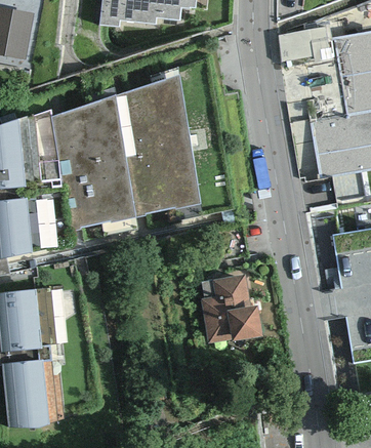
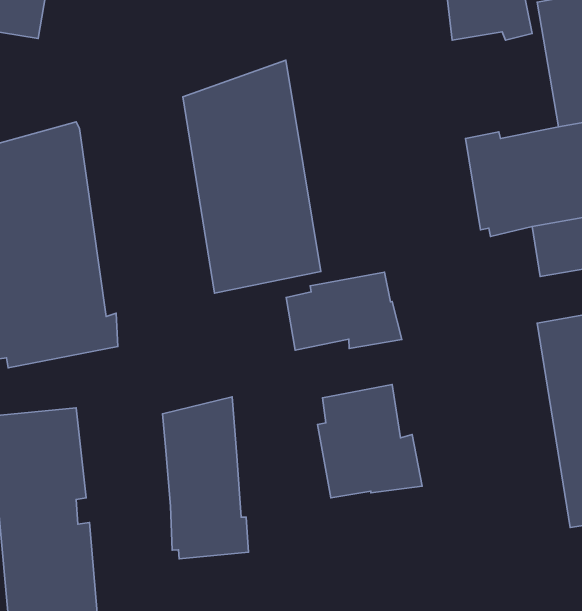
building: [51,95,134,231] -> none
building: none -> [286,272,402,350]
building: none -> [162,397,248,559]

